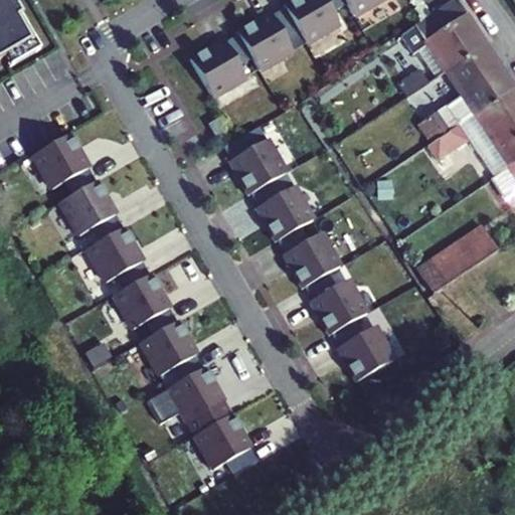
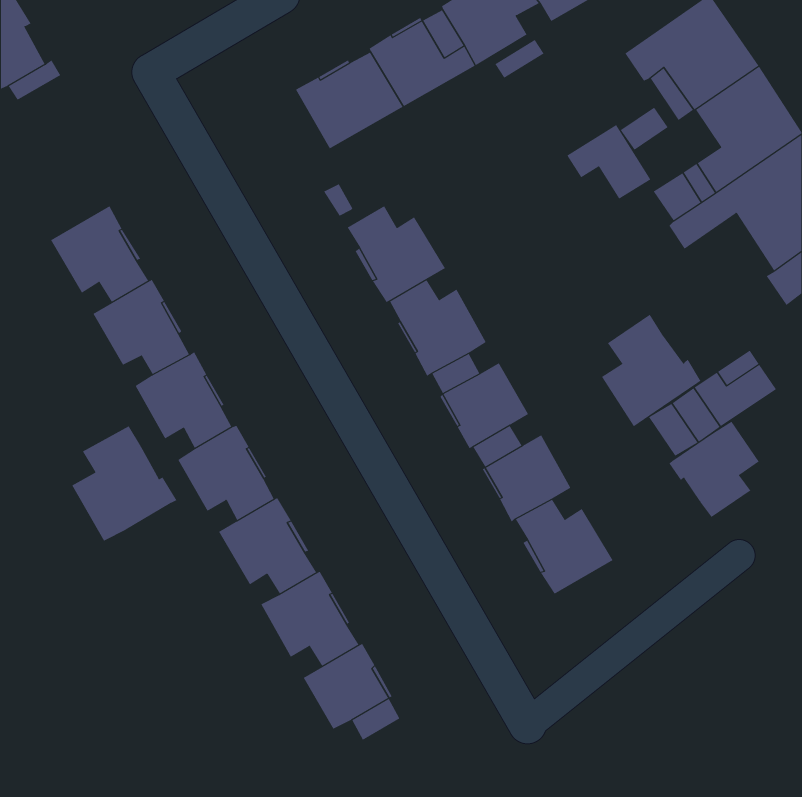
building: none -> [566,124,651,200]
building: none -> [601,314,701,427]
building: none -> [669,421,760,518]
building: none -> [72,425,177,541]

